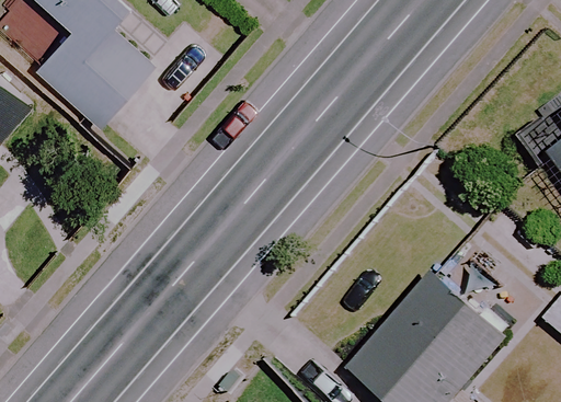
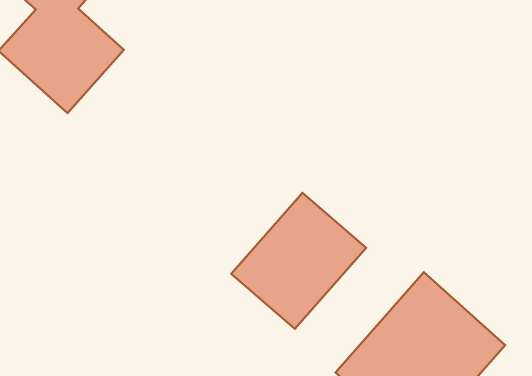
building: none -> [231,193,366,329]

